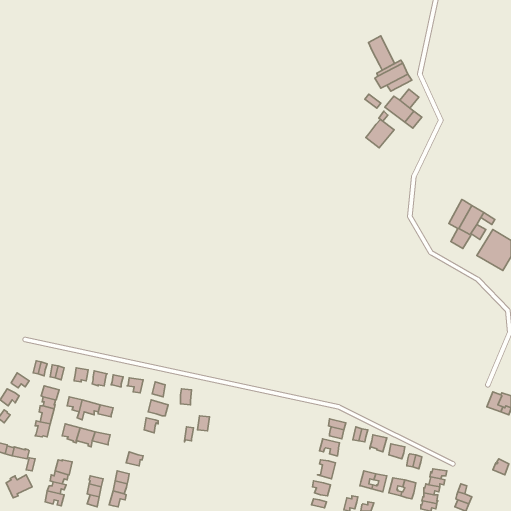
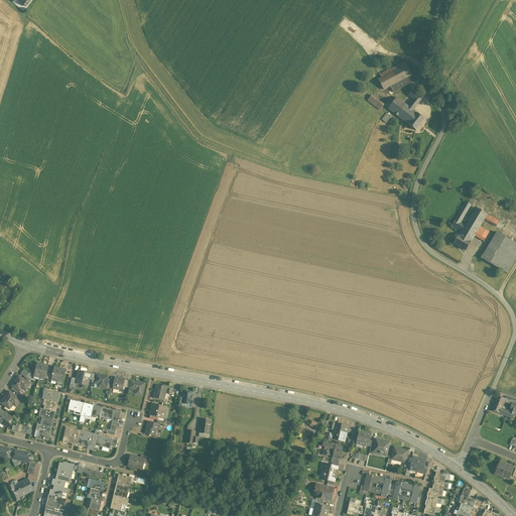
building: [368,36,395,70] -> none
building: [366,120,394,148] -> none

